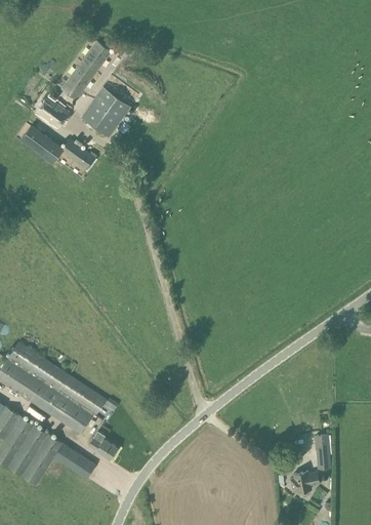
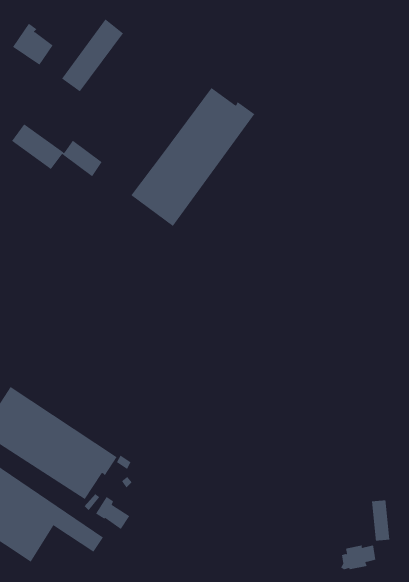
building: [81,88,130,137] -> none
building: [36,93,70,128] -> [12,23,54,65]
building: none -> [131,87,255,227]

